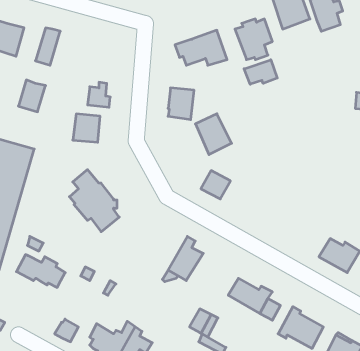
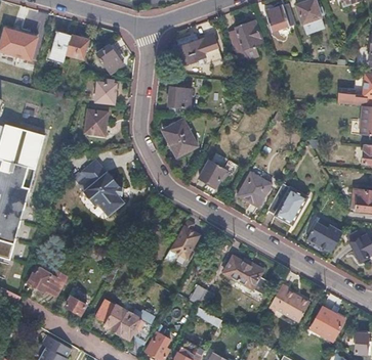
building: none -> [96,44,122,73]
building: [244,60,277,84] -> none
building: [18,80,46,112] -> [64,34,88,62]
building: [195,114,232,155] -> [163,120,196,156]
building: none -> [236,171,270,206]
building: none -> [265,183,304,224]
building: [16,255,65,287] -> [28,268,72,298]

